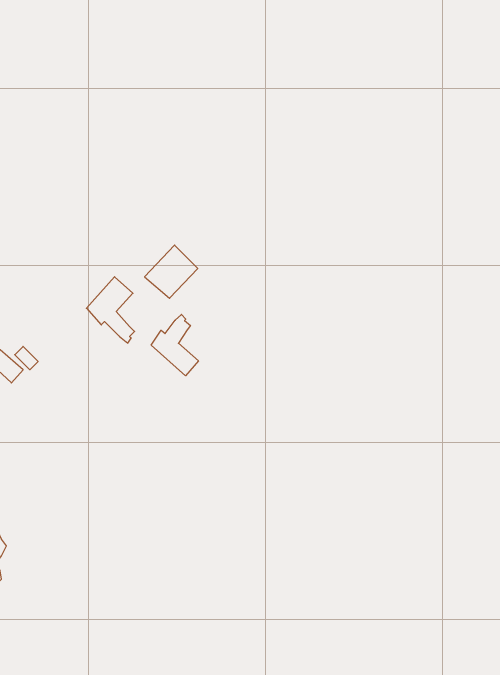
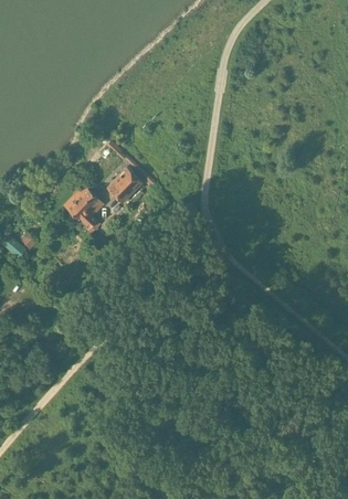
building: [151,314,198,376] -> none

